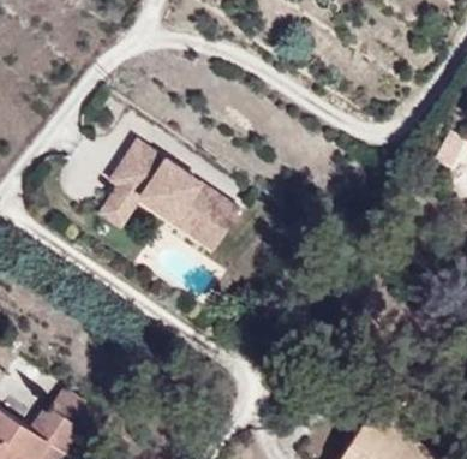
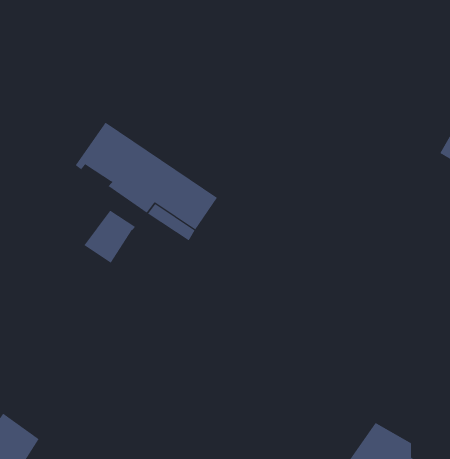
building: [92,175,140,225] -> [84,210,136,264]

